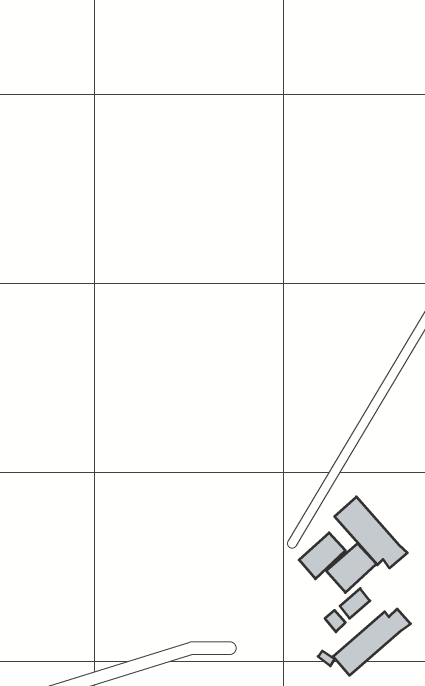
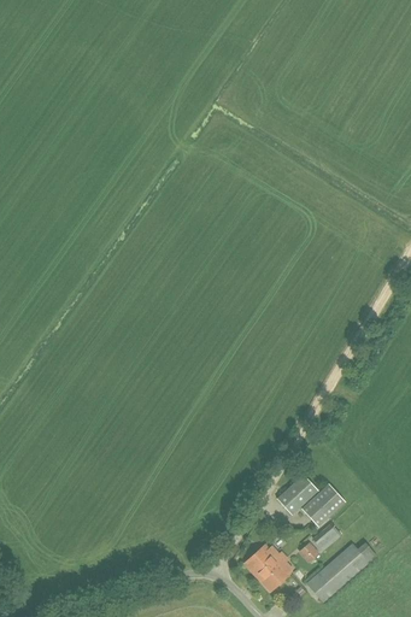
building: [335,497,407,568] -> none
building: none -> [245,545,290,590]

